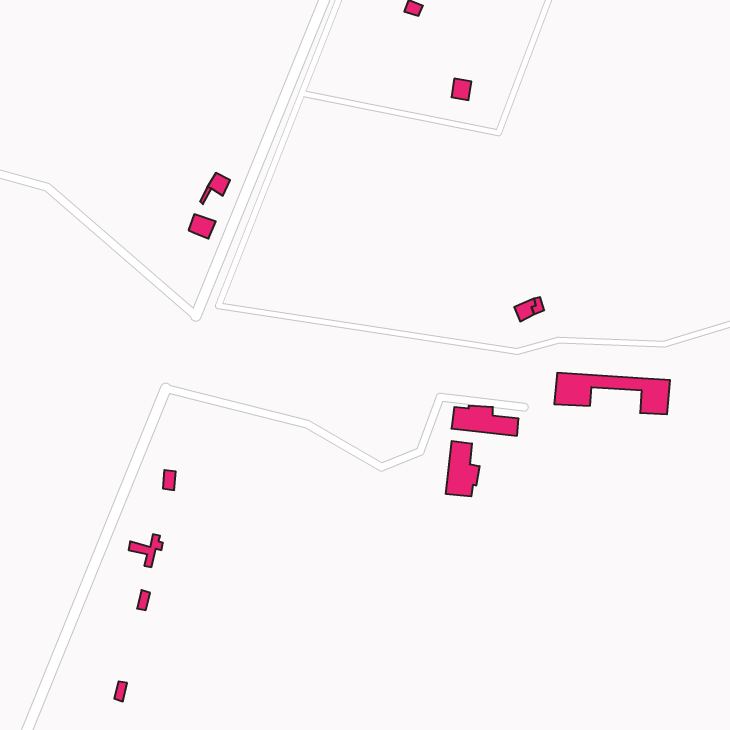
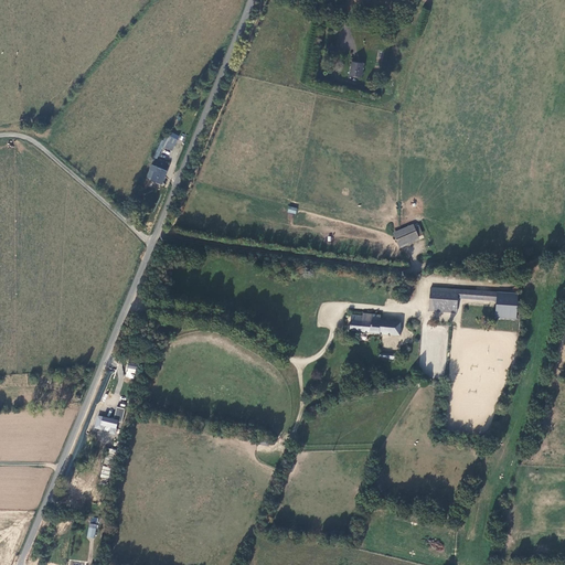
building: [446,441,480,496] -> none

